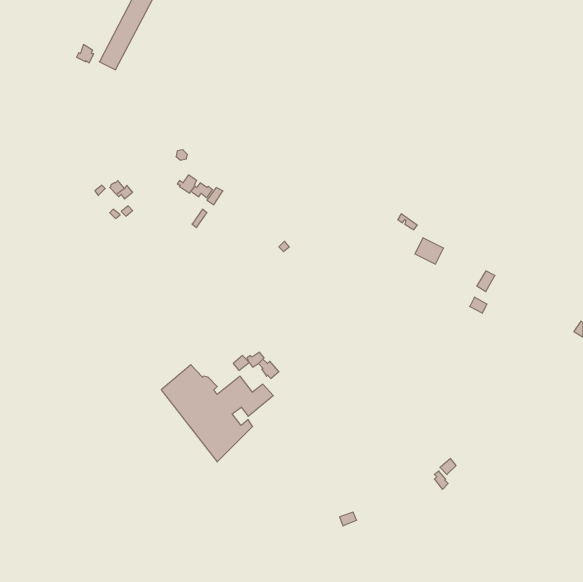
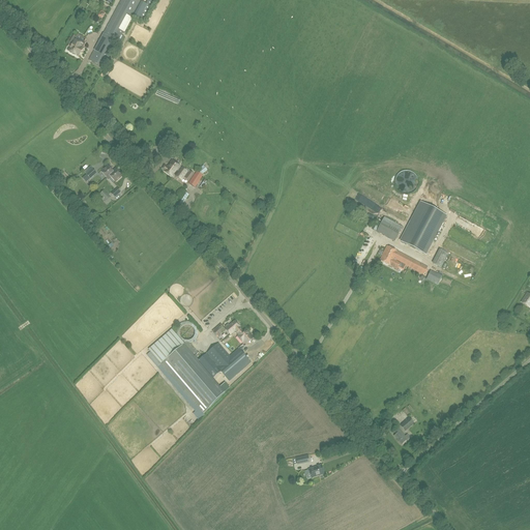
building: none -> [400,201,445,253]
building: none -> [379,244,426,273]

